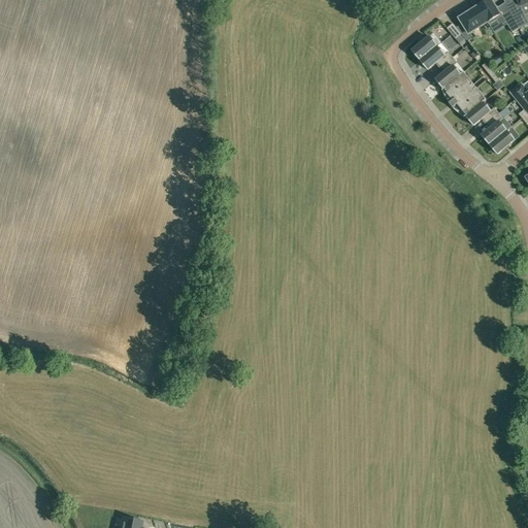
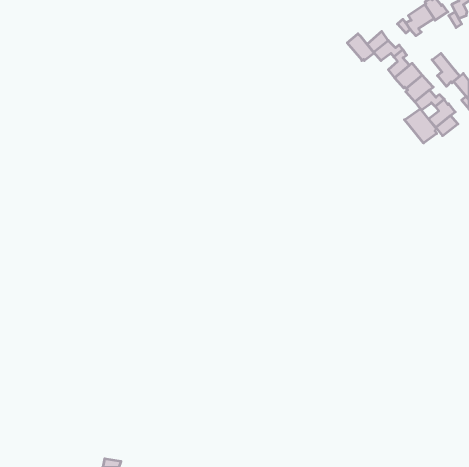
building: none -> [347,34,374,61]
building: none -> [432,53,460,86]
building: none -> [404,109,437,143]

